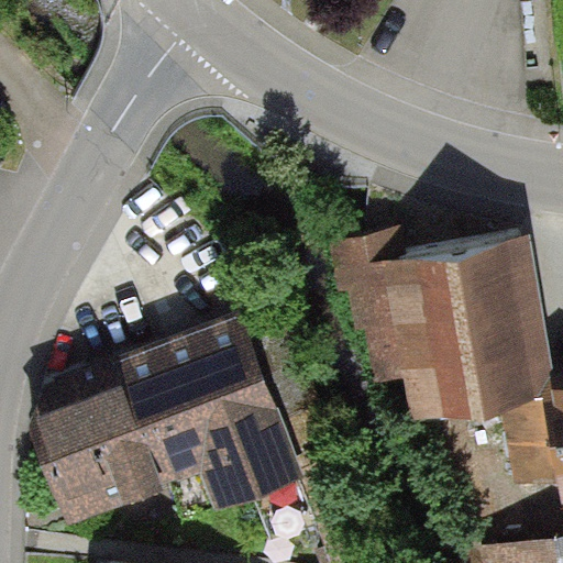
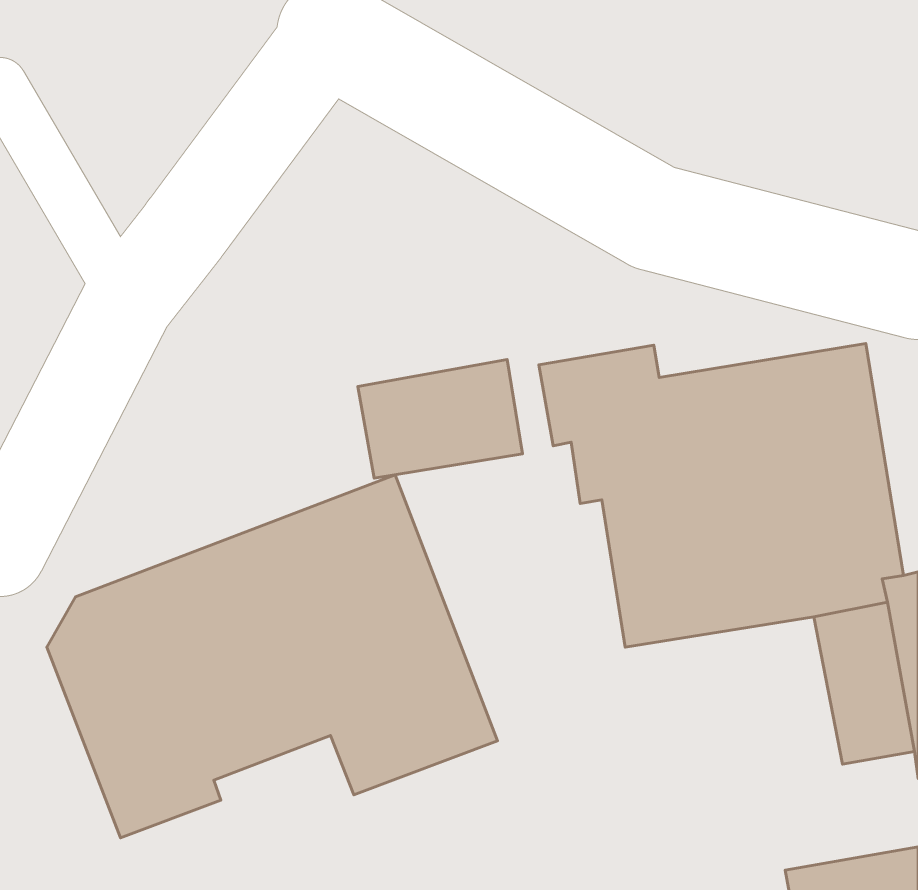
building: none -> [358,359,522,478]

